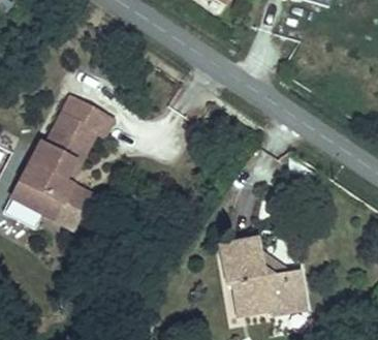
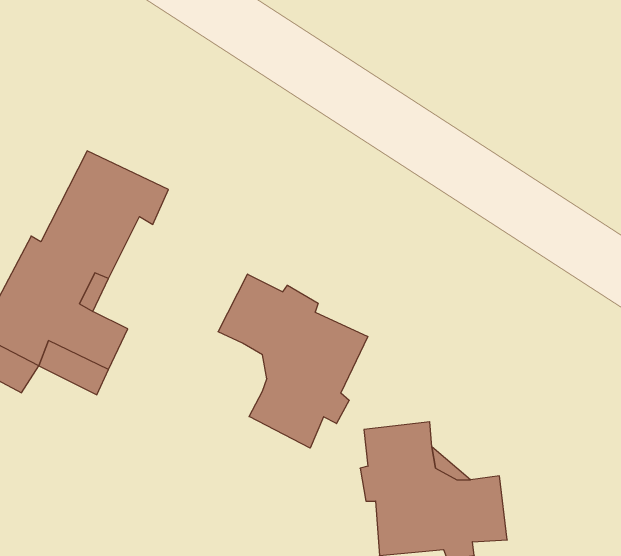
building: none -> [218,274,368,448]

